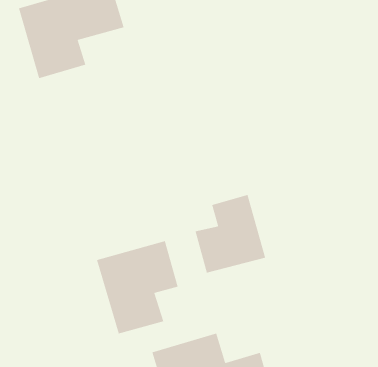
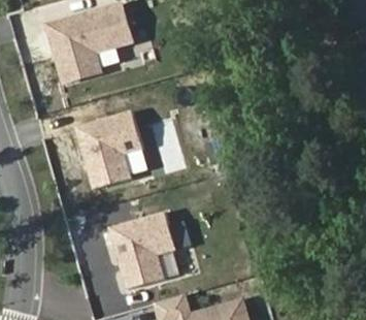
building: none -> [76,110,143,189]
building: [195,194,266,273] -> none

